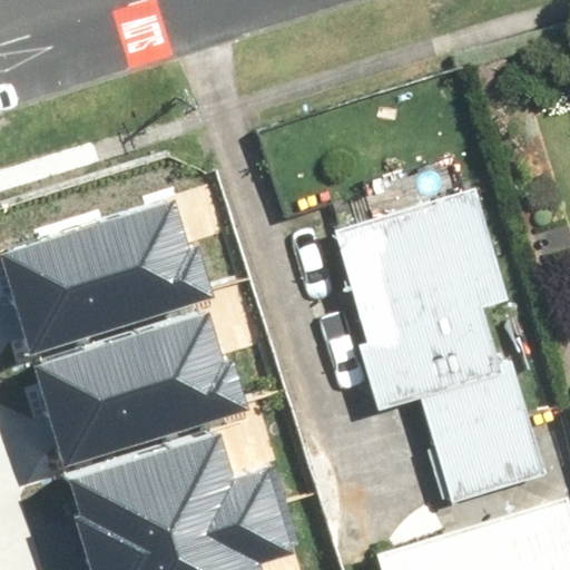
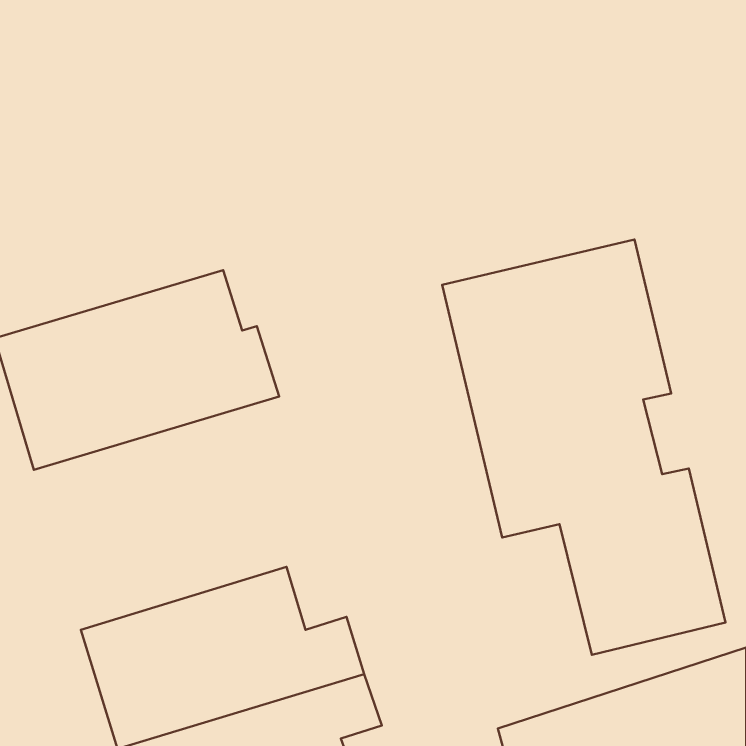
building: [30,320,246,470] -> none

